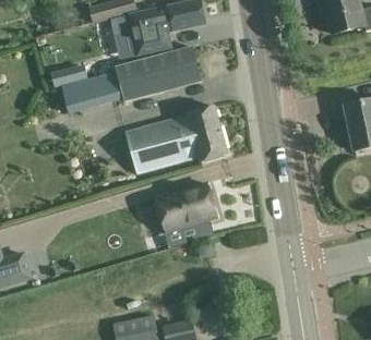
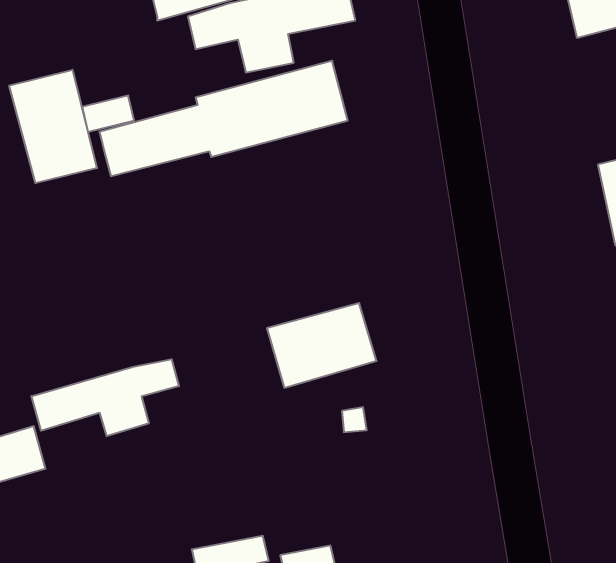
building: none -> [9,70,97,183]
building: [125,106,226,173] -> none
building: none -> [31,359,179,436]

